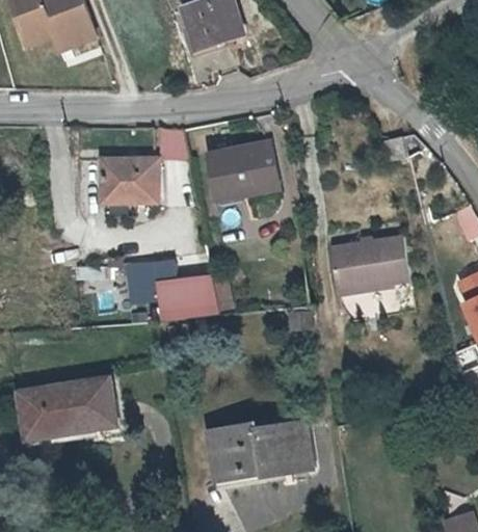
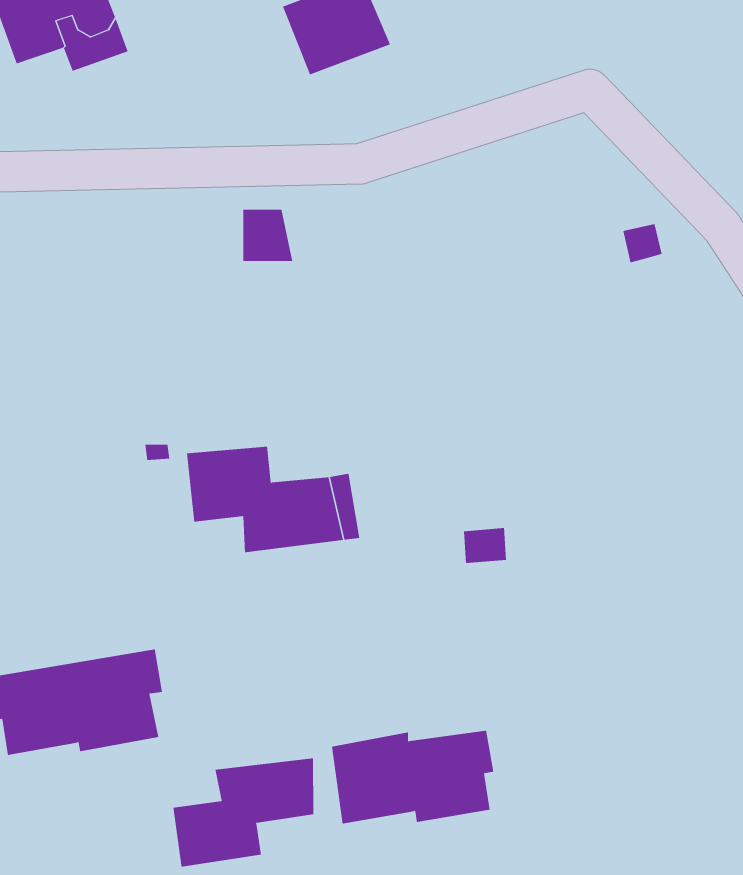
building: [207,145,274,201] -> none
building: [101,157,156,200] -> none
building: [325,235,405,292] -> none
building: none -> [173,757,314,868]

